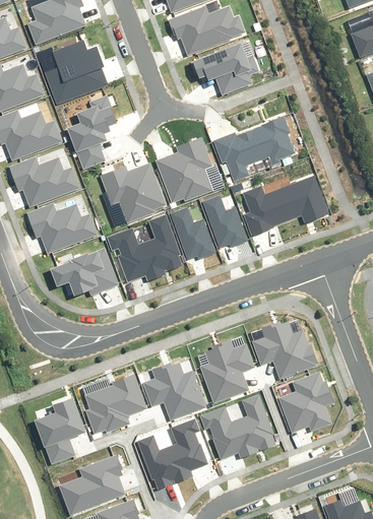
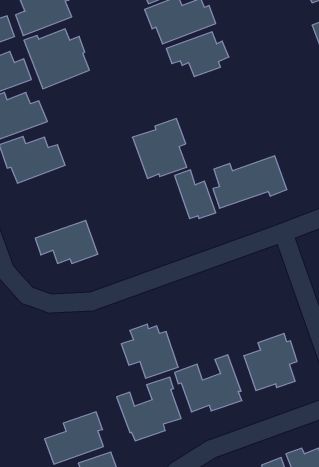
building: [68,92,118,167] -> none
building: [213,117,293,180] -> none
building: [102,160,168,221] -> none
building: [26,202,99,253] -> none
building: [170,205,215,259] -> none
building: [107,214,183,283] -> none
building: [252,320,318,378] -> none
building: [199,337,255,402] -> none
building: [84,373,145,433] -> none
building: [35,395,86,461] -> none

